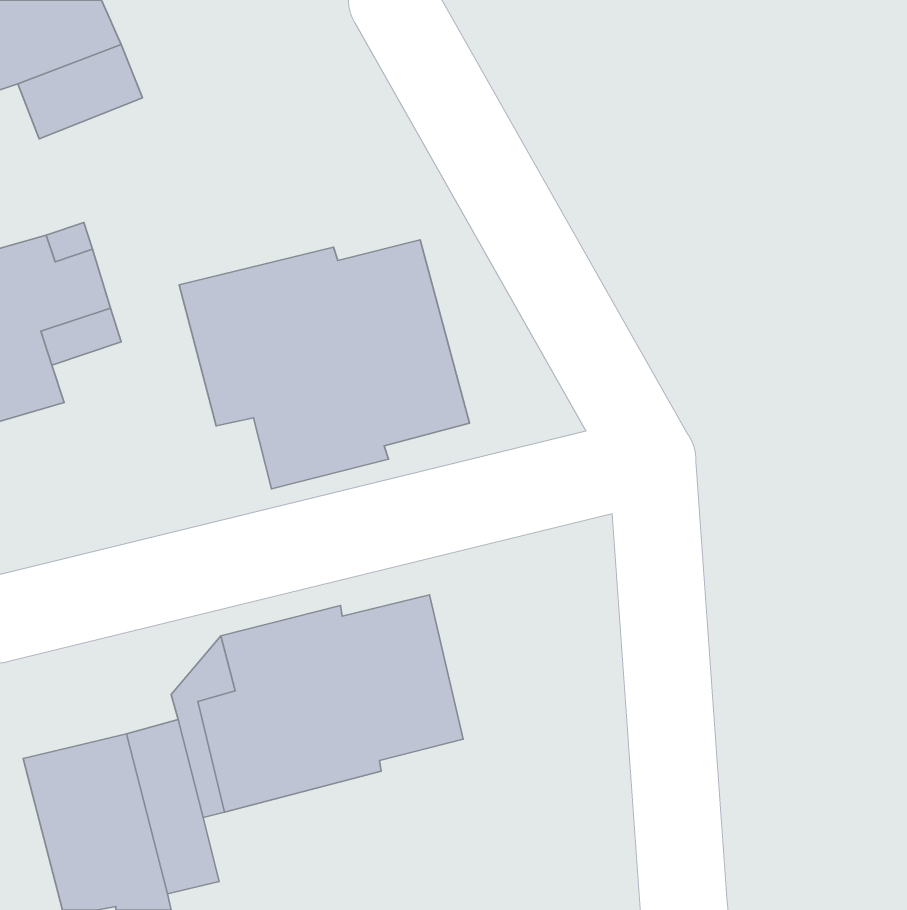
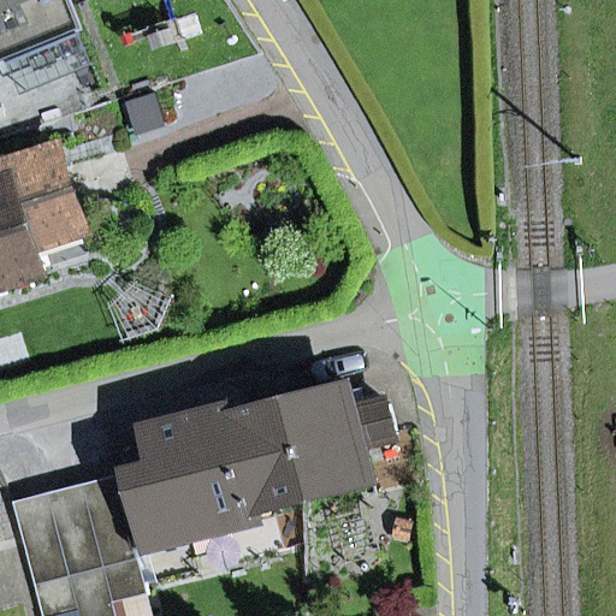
building: [179,240,469,489] -> none
building: none -> [290,387,397,499]

